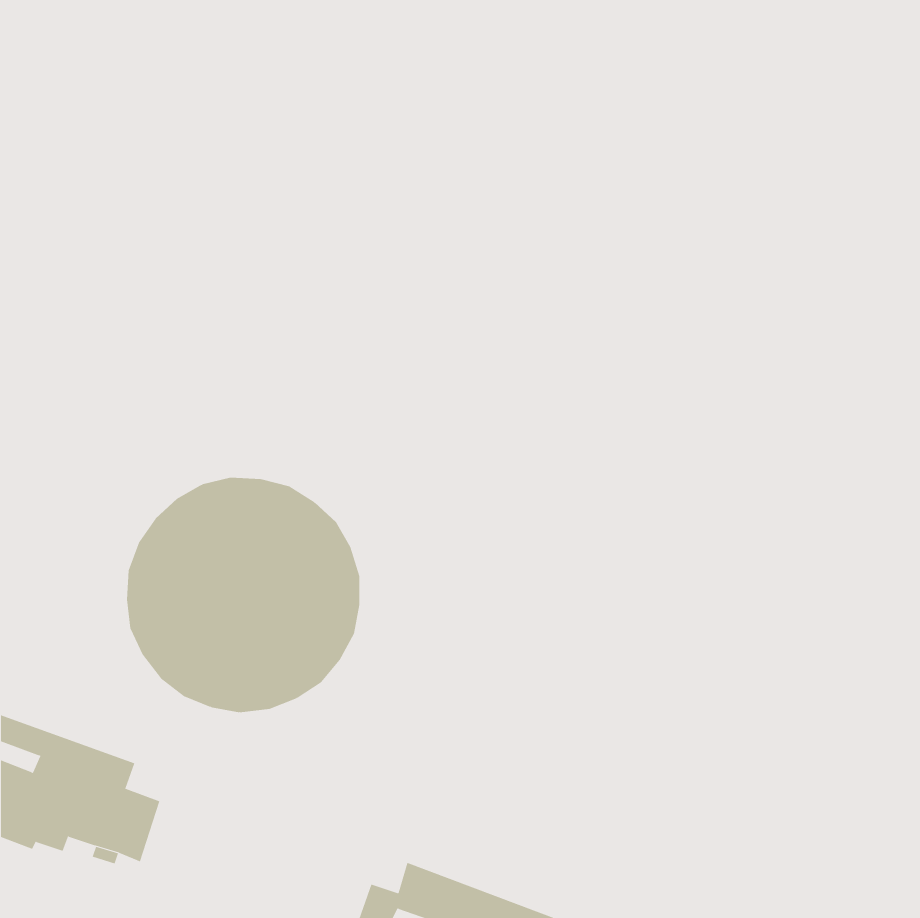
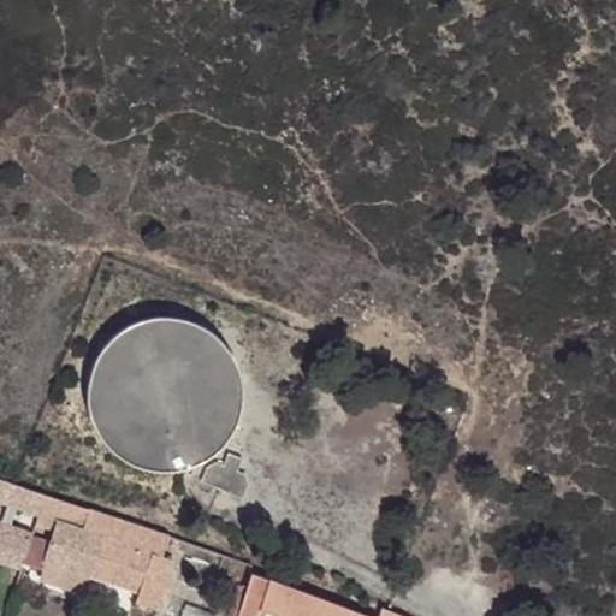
building: none -> [94,526,170,608]

